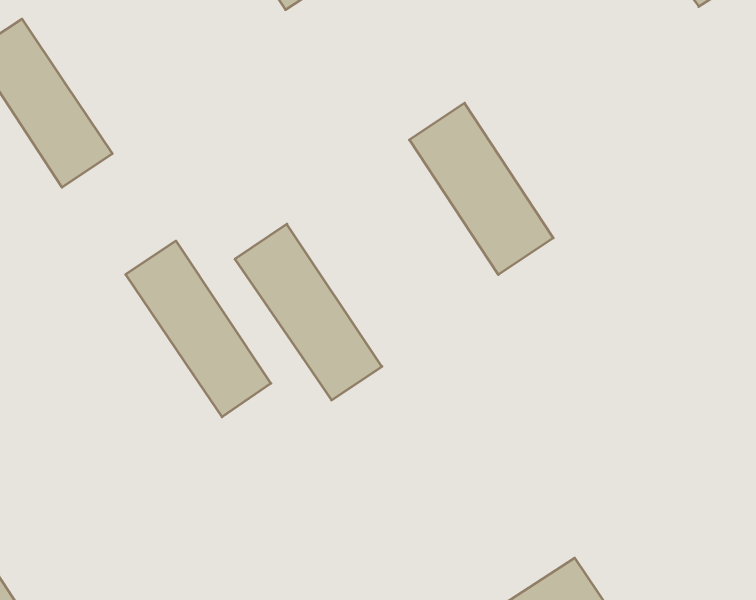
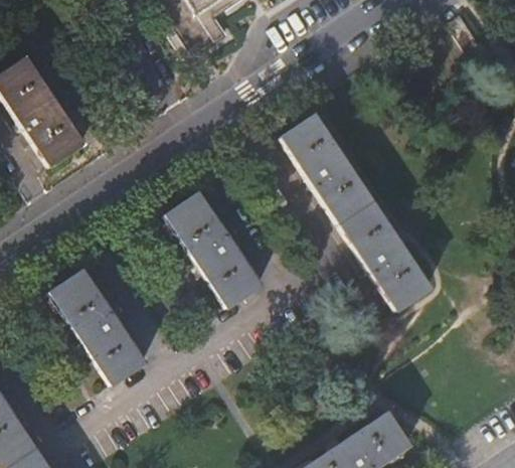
building: none -> [338,201,435,314]
building: [126,241,271,417] -> [50,270,146,385]

